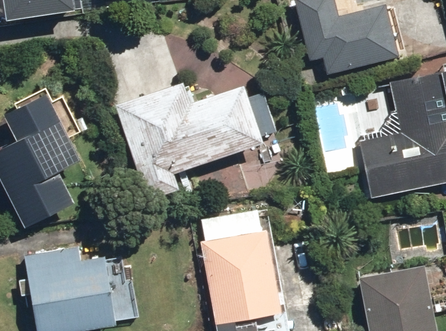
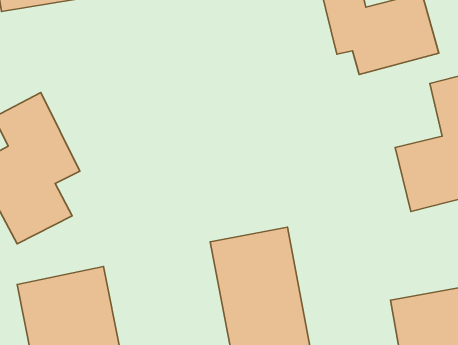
building: [115,82,261,199] -> none

